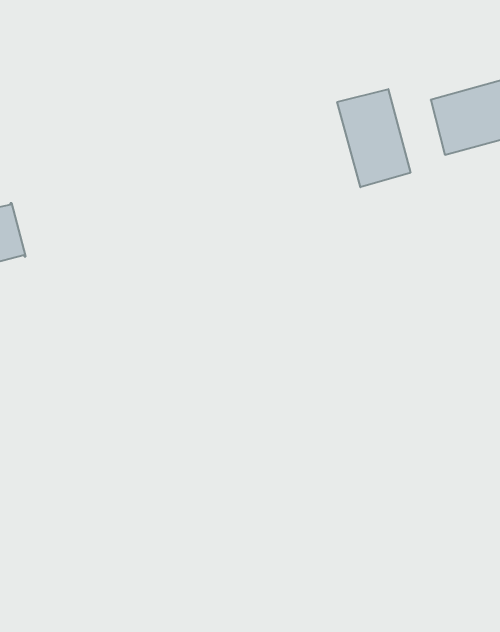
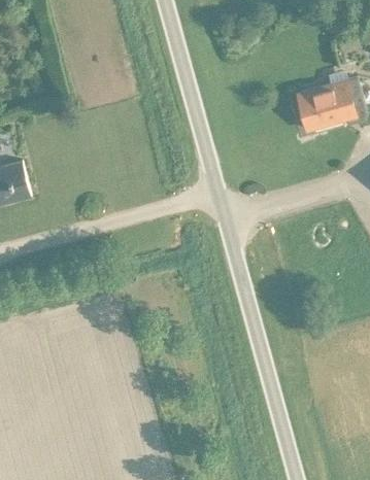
building: [337,89,410,187] -> none

